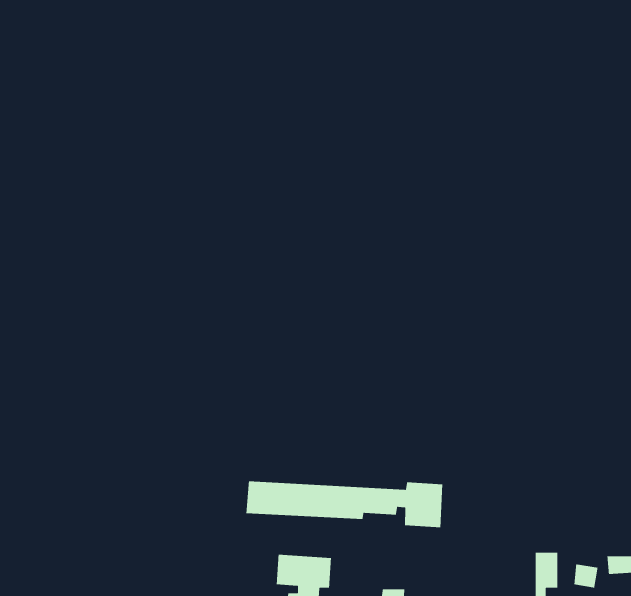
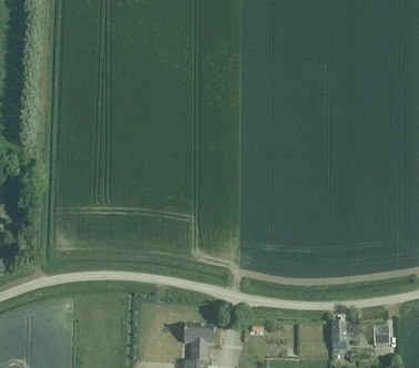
building: [245,481,443,528] -> none

